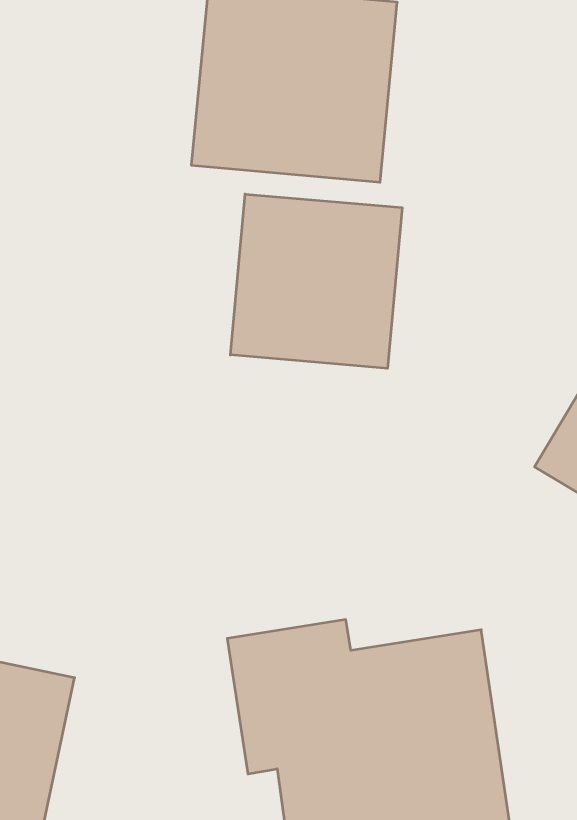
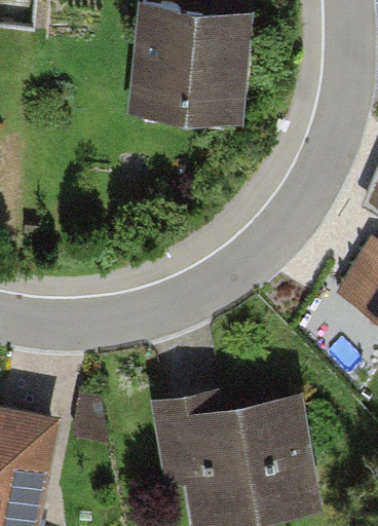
building: [230,194,402,368] -> none

